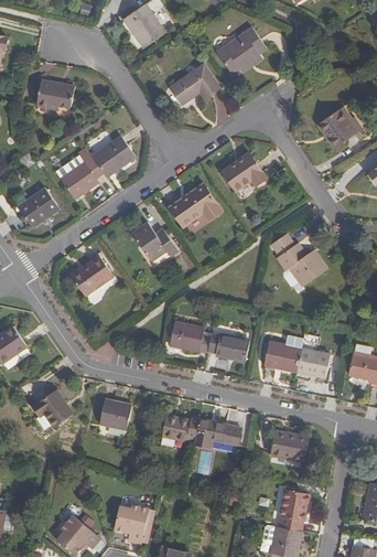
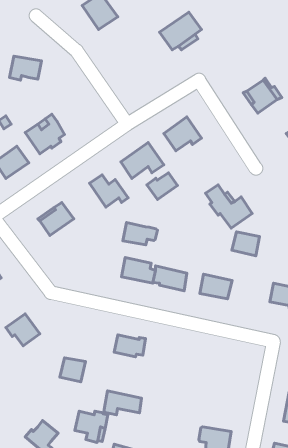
building: [171,66,218,104] -> none
building: [90,136,134,176] -> none
building: none -> [147,173,177,200]
building: none -> [123,223,157,245]
building: [297,350,330,378] -> [232,232,260,256]
building: [99,400,130,429] -> [60,358,86,382]
building: [194,419,239,448] -> [104,391,141,415]
building: [271,431,306,461] -> none
building: [279,490,309,531] -> none

